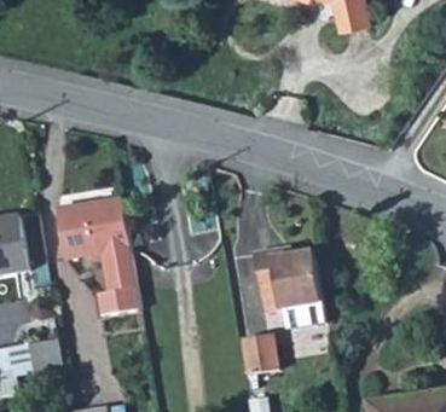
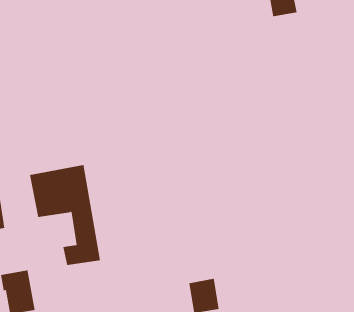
building: [253,250,324,326] -> none

